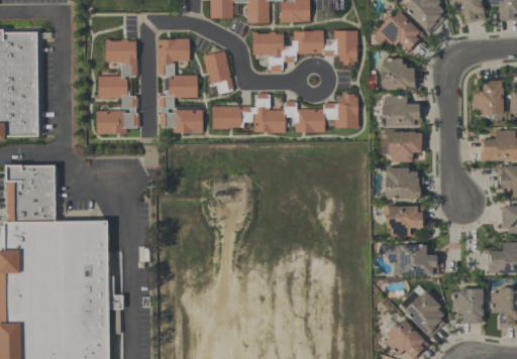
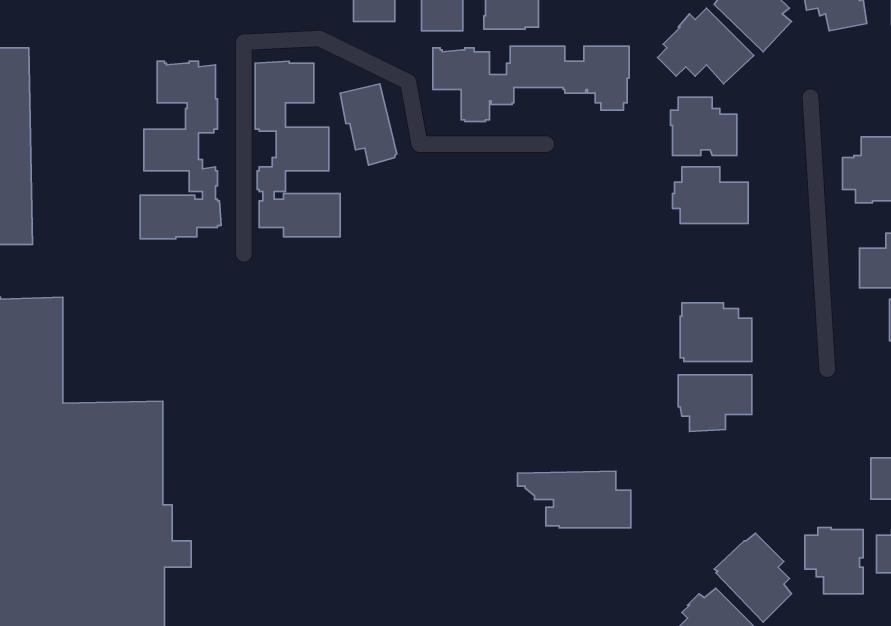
building: [212,94,357,133] -> none
building: [381,131,422,162] -> none
building: [378,245,438,275] -> [518,471,631,528]

